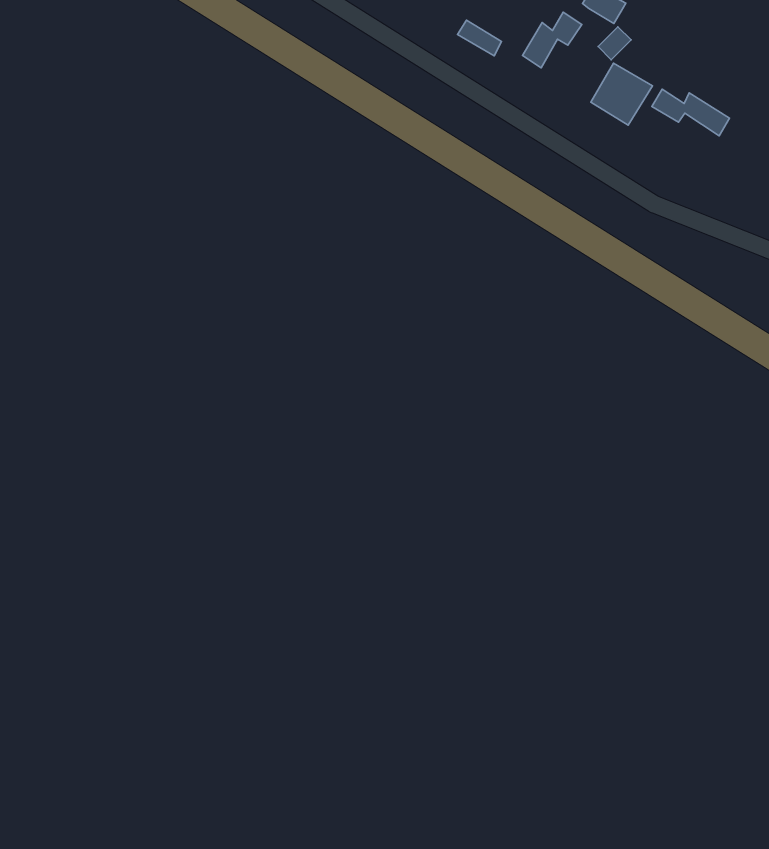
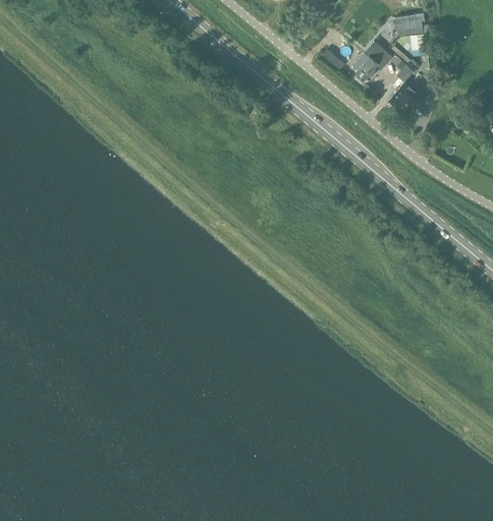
building: [652,89,729,136] -> none

